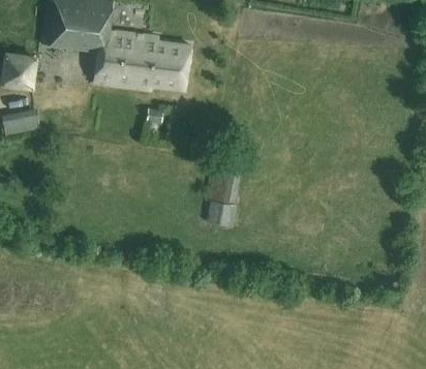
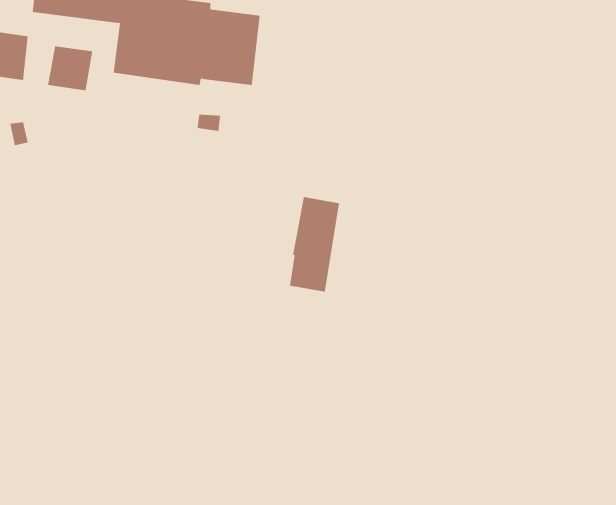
building: none -> [48,45,93,91]

